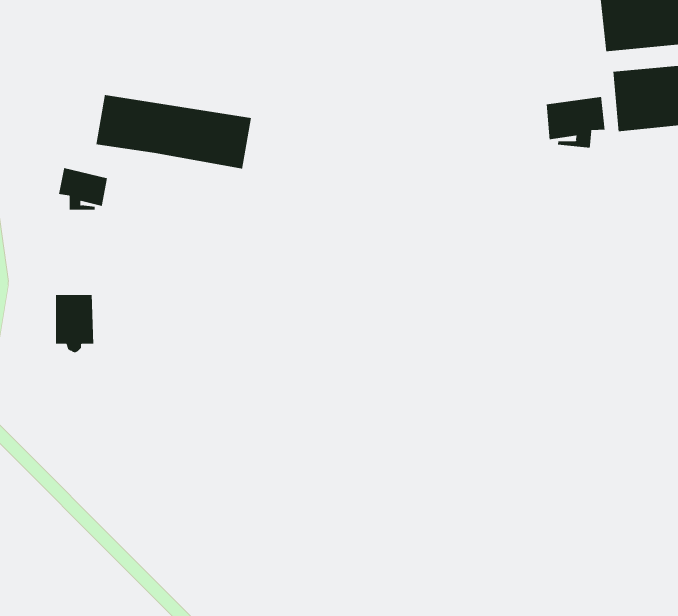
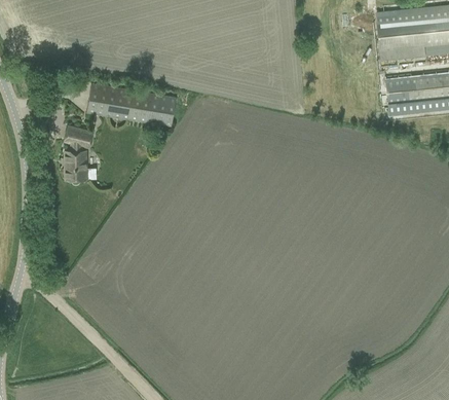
building: [546,96,605,149] -> none
building: [55,294,94,353] -> [64,151,86,185]

